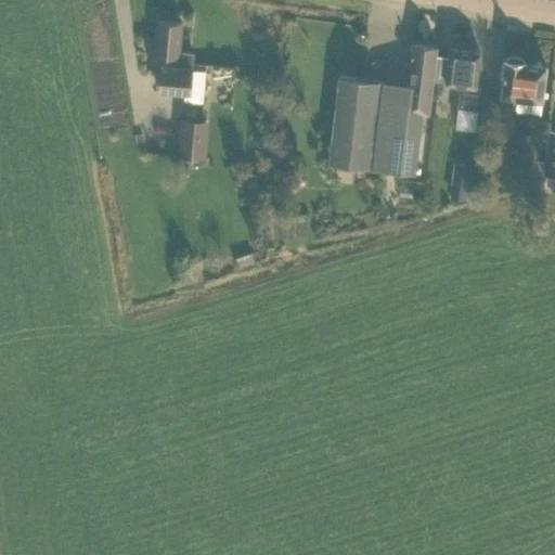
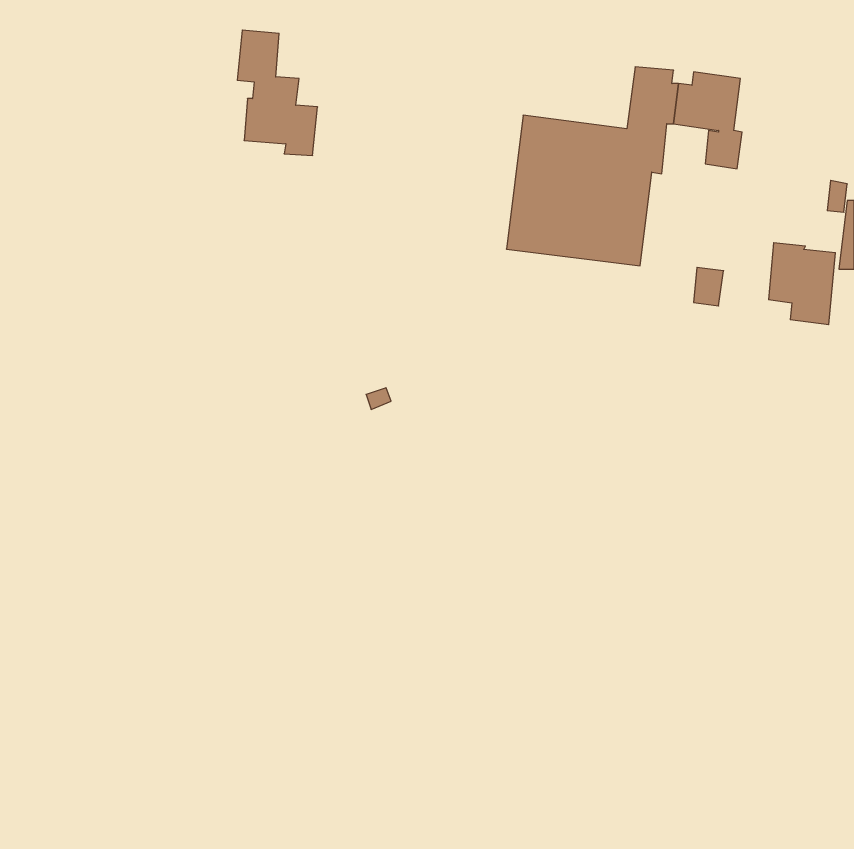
building: [502,62,545,115] -> [769,243,835,325]
building: [176,120,209,160] -> none

